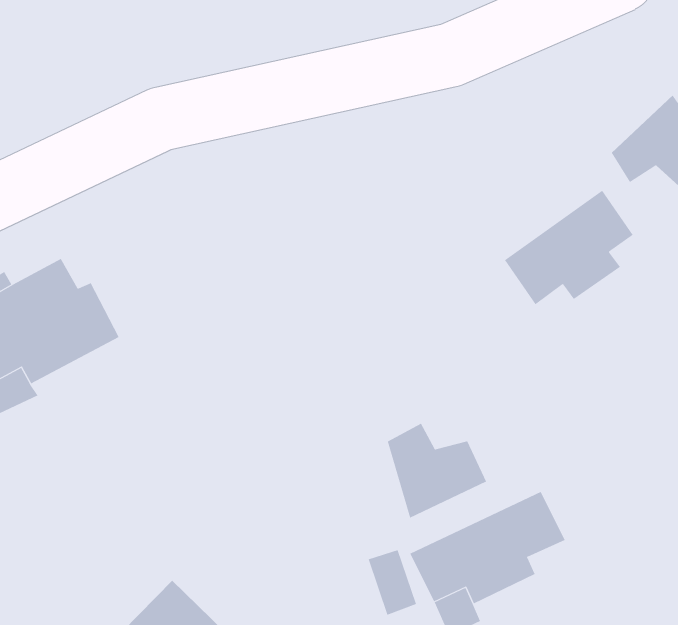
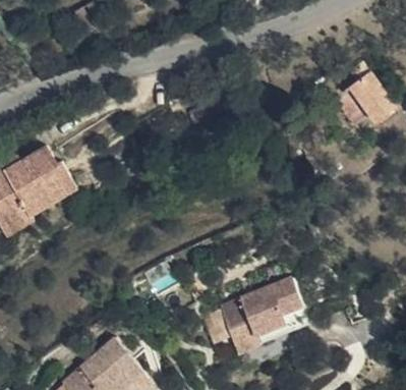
building: [504,190,633,305] -> none
building: [387,423,487,519] -> none

